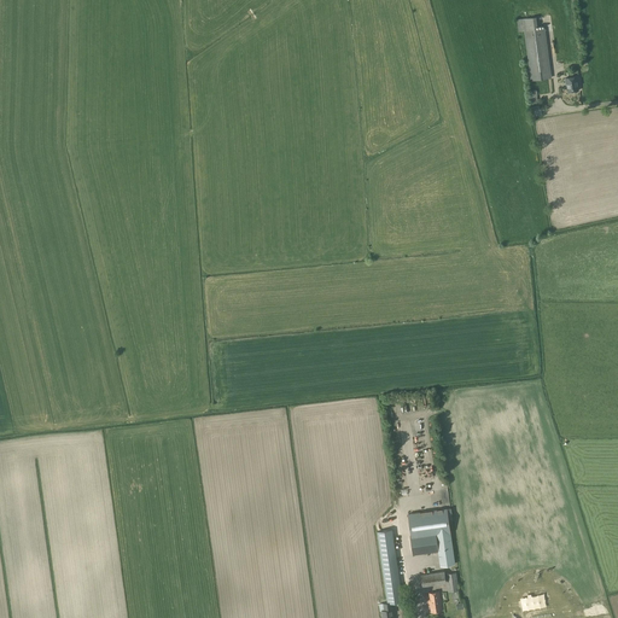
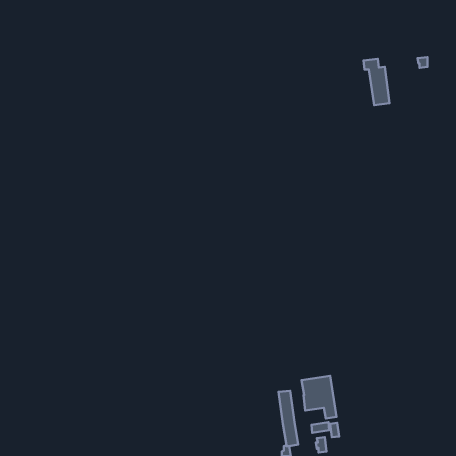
building: [517,17,552,80] -> [364,59,389,105]

